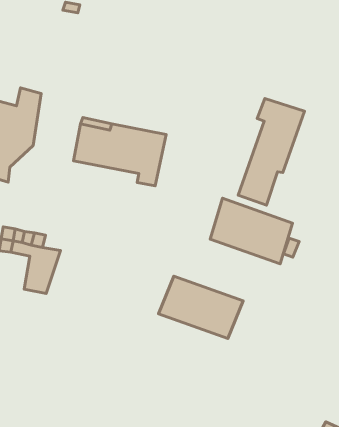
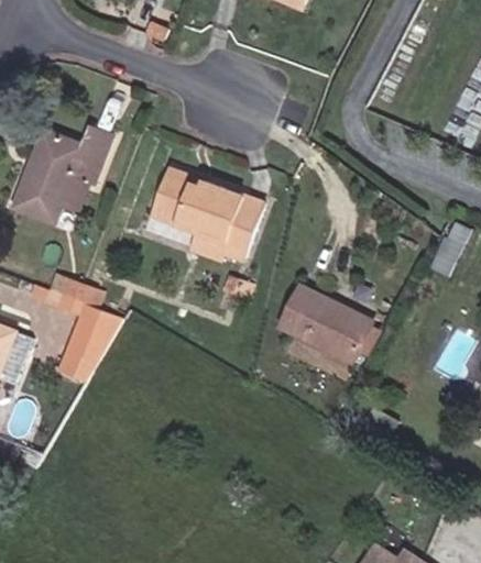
building: [238,98,305,205] -> none
building: [158,276,243,338] -> none

